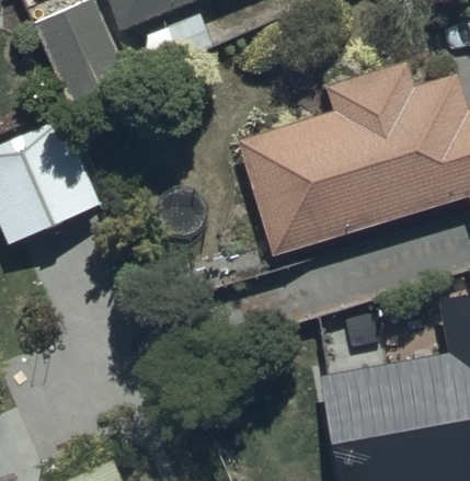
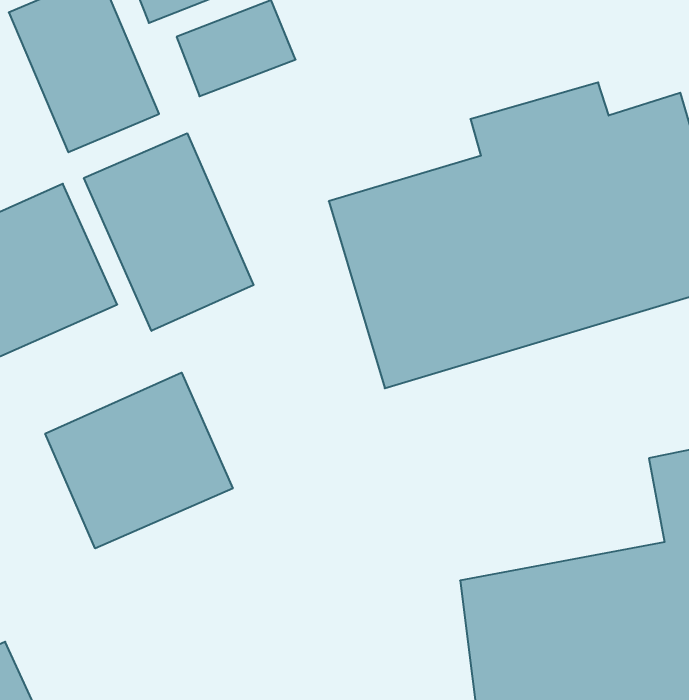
building: none -> [84,133,254,331]
building: none -> [45,373,233,548]

